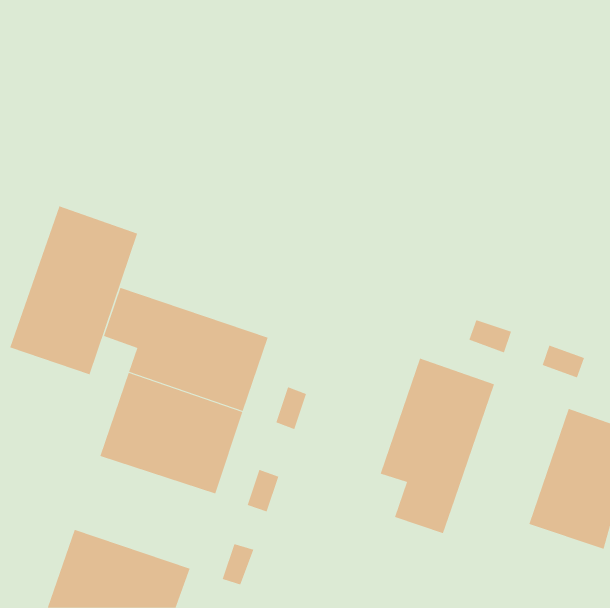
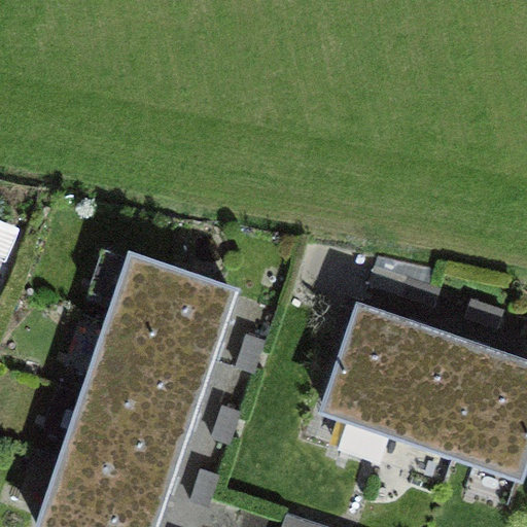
building: [9,206,138,375] -> none
building: none -> [393,330,490,451]
building: none -> [66,392,187,489]

